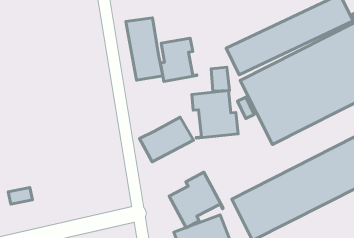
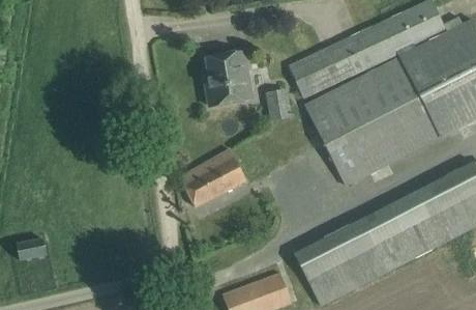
building: [126,18,163,80] -> none
building: [192,91,238,138] -> none
building: [169,172,223,228] -> none

